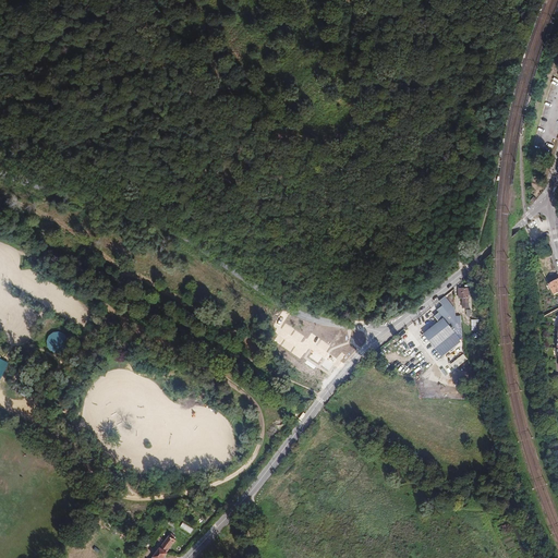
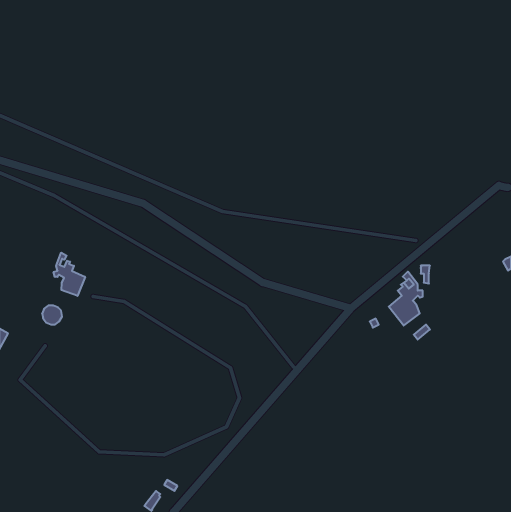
building: none -> [54,253,85,296]

